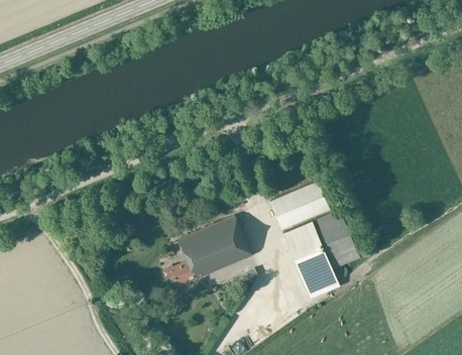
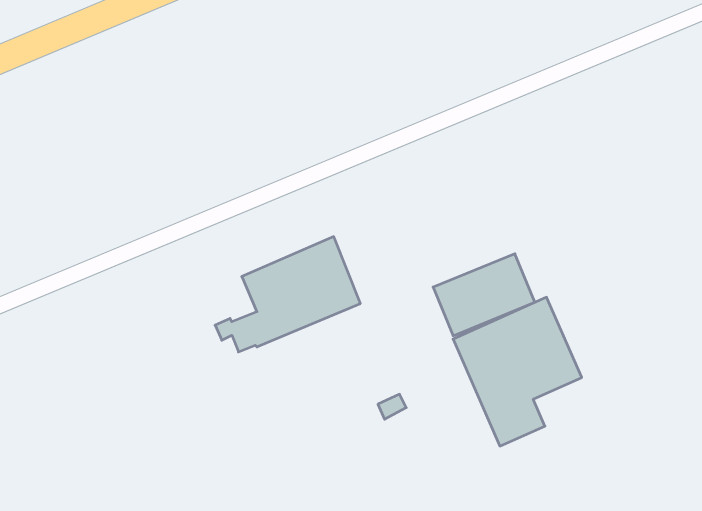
building: [162,215,250,284] -> [215,237,360,352]

